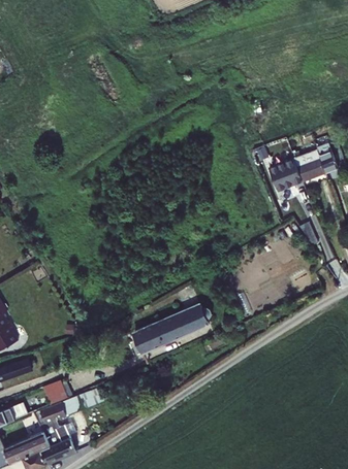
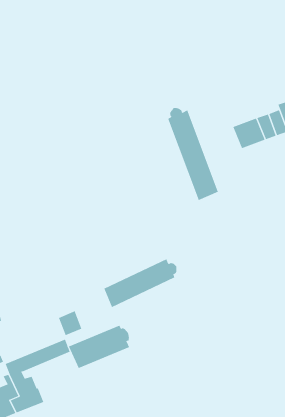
building: none -> [168,107,219,201]
building: none -> [68,325,130,369]
building: [42,377,67,403] -> [58,311,82,336]

